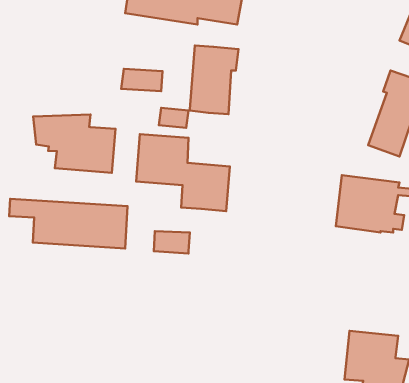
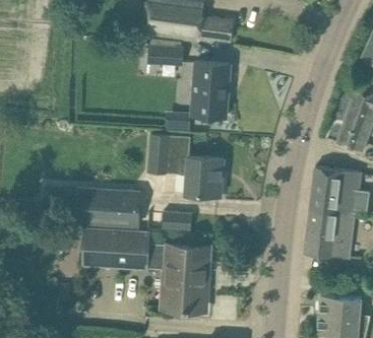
building: [121,69,162,91] -> [148,48,182,66]
building: [33,114,116,173] -> none
building: none -> [305,209,357,258]
building: none -> [83,228,209,314]

